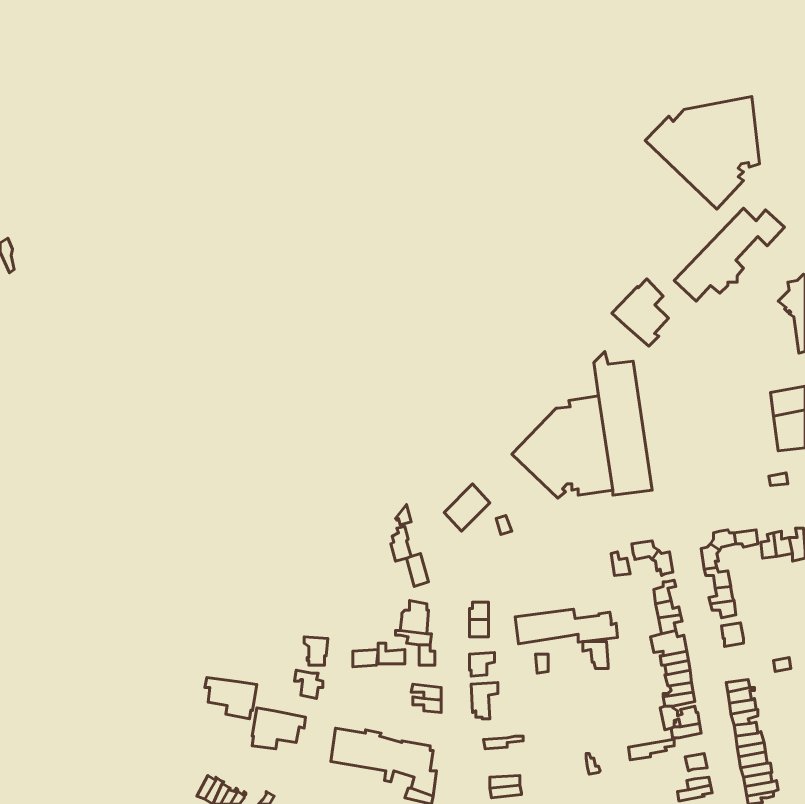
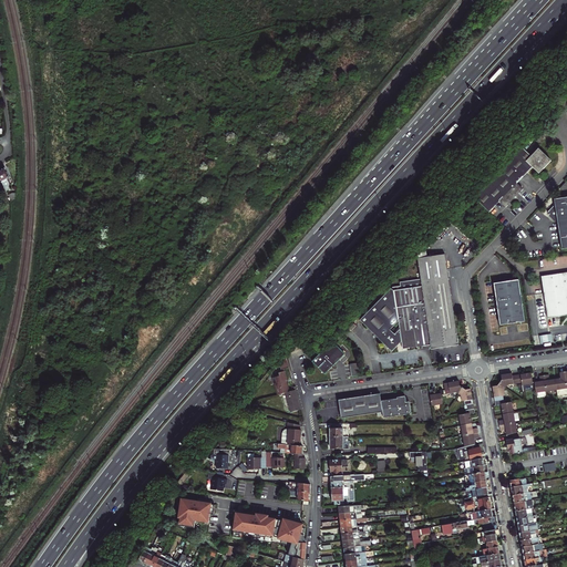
building: [645,96,760,209] -> none
building: [612,279,669,346] -> none
building: none -> [494,279,525,324]
building: [515,609,618,644] -> [339,393,411,417]
building: [205,677,257,719] -> none

